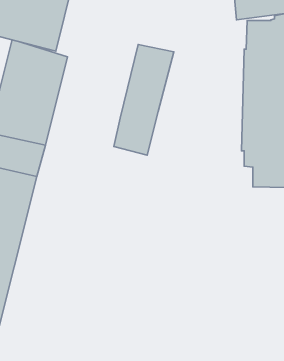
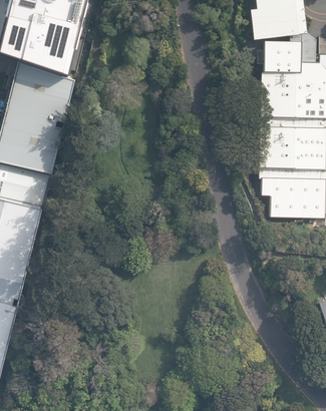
building: [114,45,174,155] -> none

